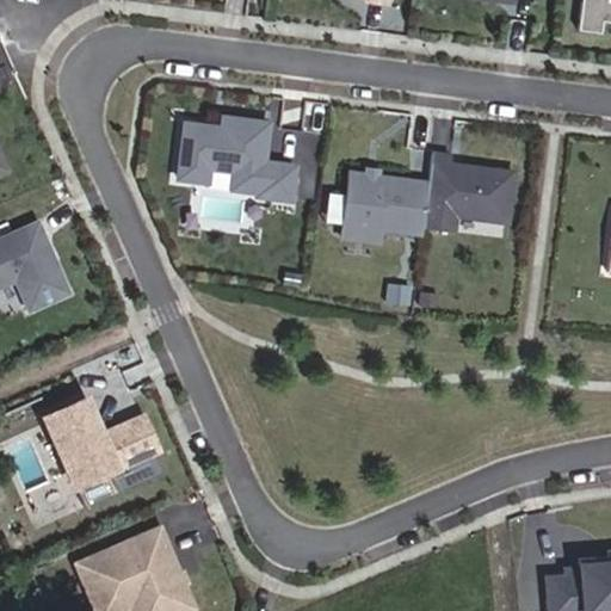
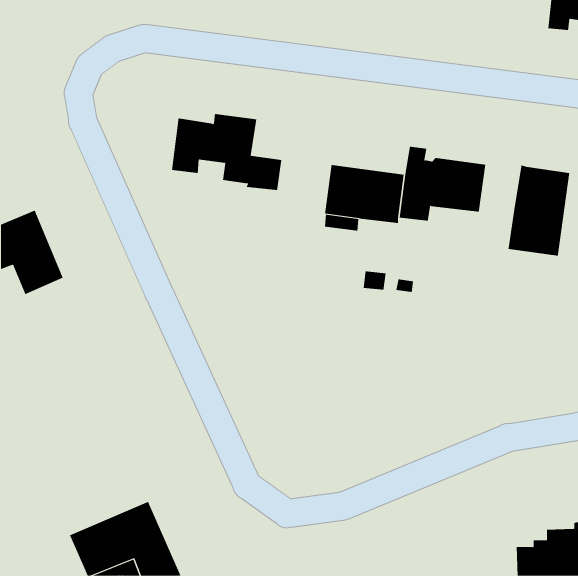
building: none -> [508,165,570,257]
building: [44,397,156,485] -> none

